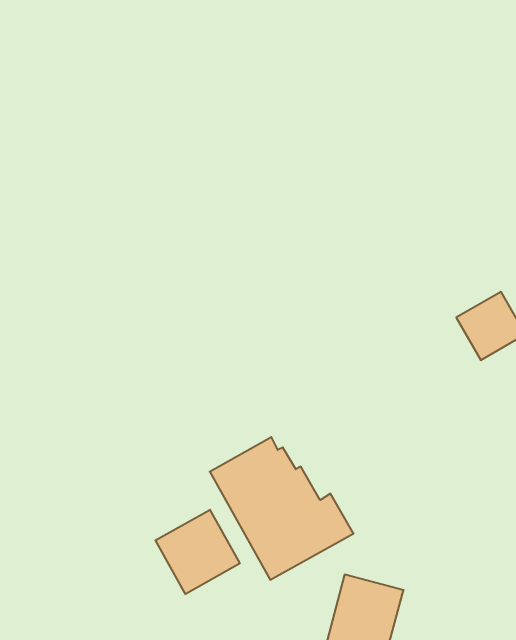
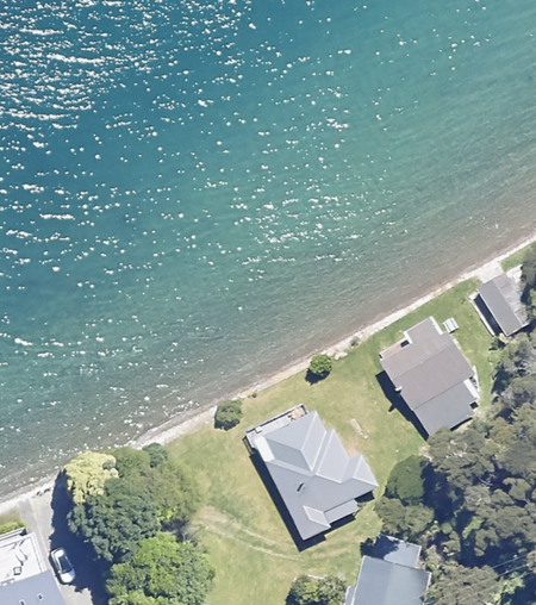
building: none -> [376,319,486,437]
building: [155,510,240,594] -> none

